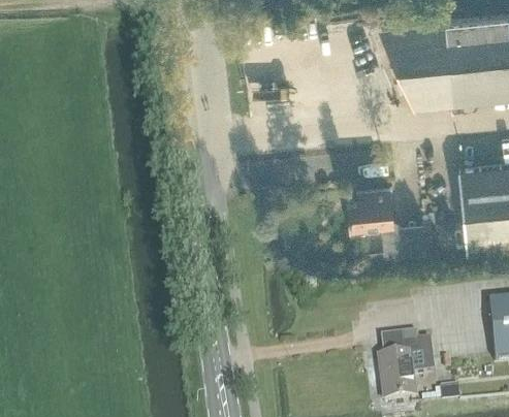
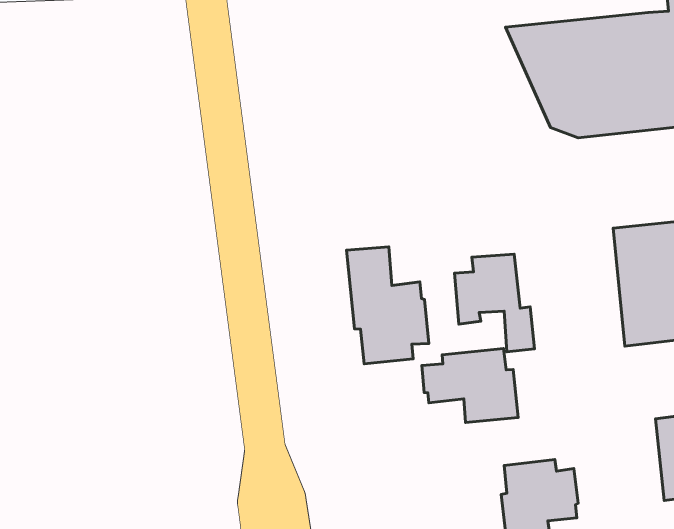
building: none -> [346,247,429,364]
building: none -> [422,349,518,423]

